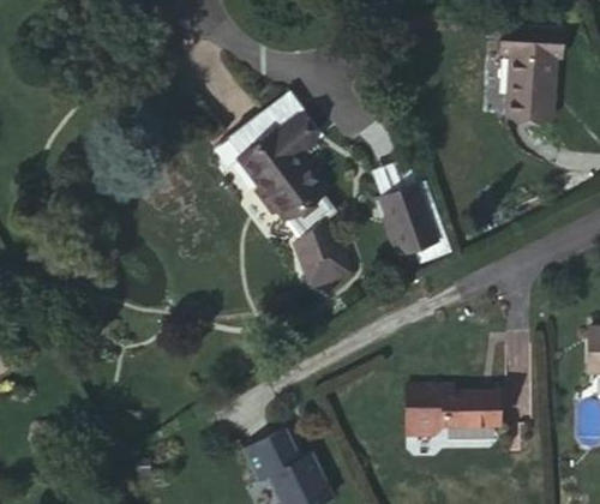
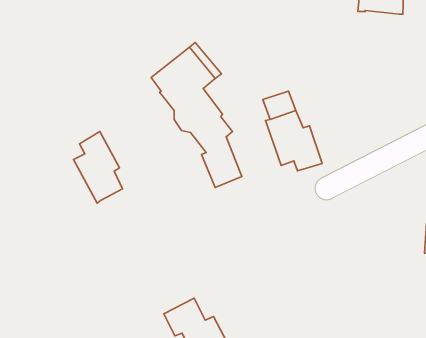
building: [506,54,554,118] -> none
building: none -> [74,132,123,203]
building: [406,384,499,433] -> none

